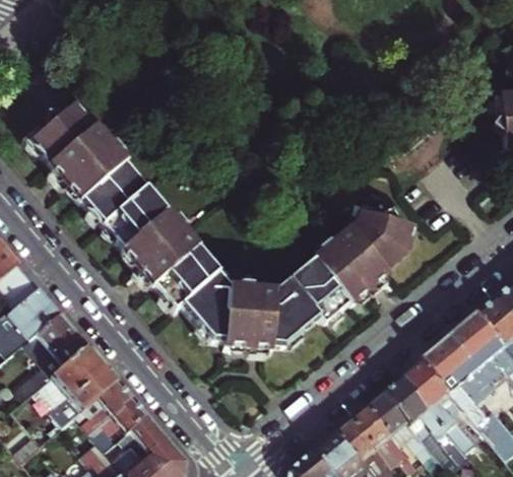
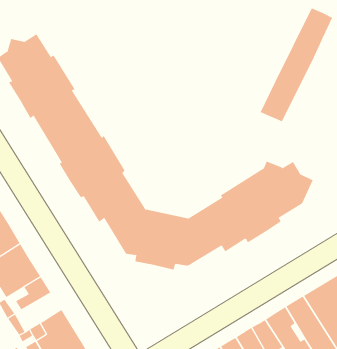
building: none -> [260,7,333,122]
building: [103,396,149,431] -> none

